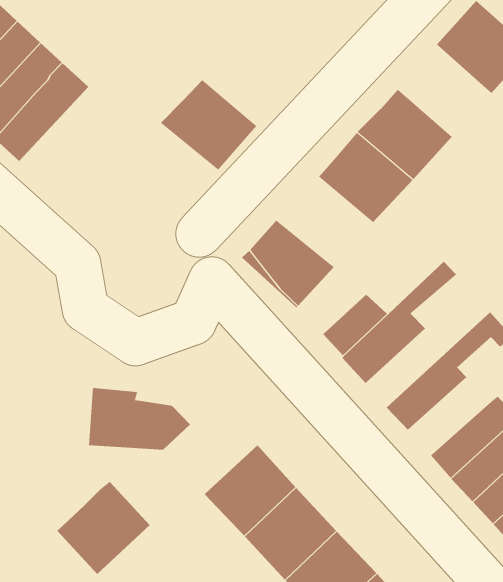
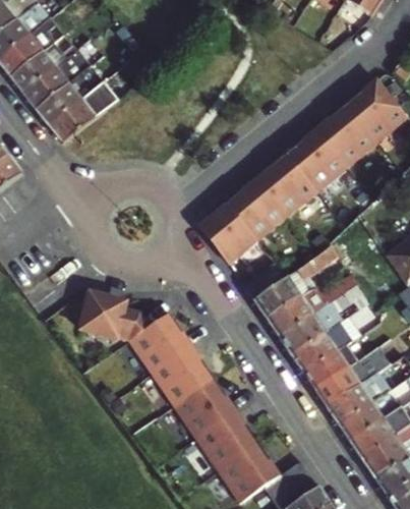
building: none -> [317,103,378,165]
building: [160,80,257,170] -> [226,178,289,239]
building: none -> [269,277,357,336]
building: none -> [292,324,349,372]
building: [56,481,150,575] -> [130,316,192,376]

